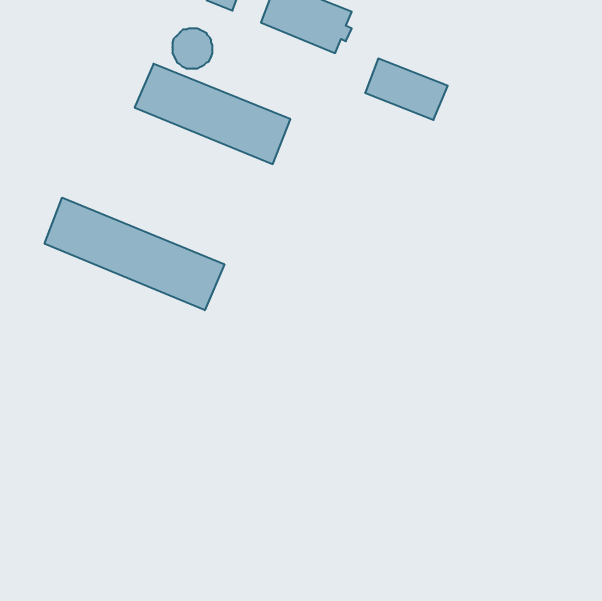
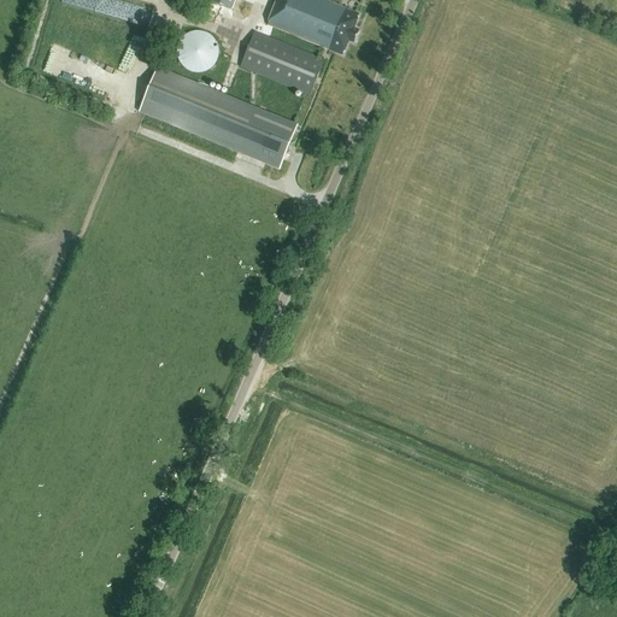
building: [365,59,448,120] -> [240,30,324,93]
building: [45,198,224,310] -> none

